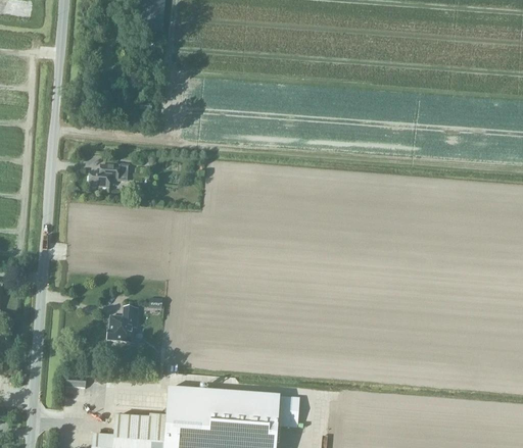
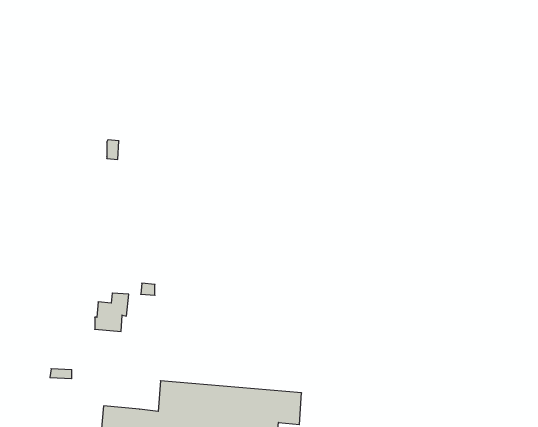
building: [89,166,118,189] -> none

